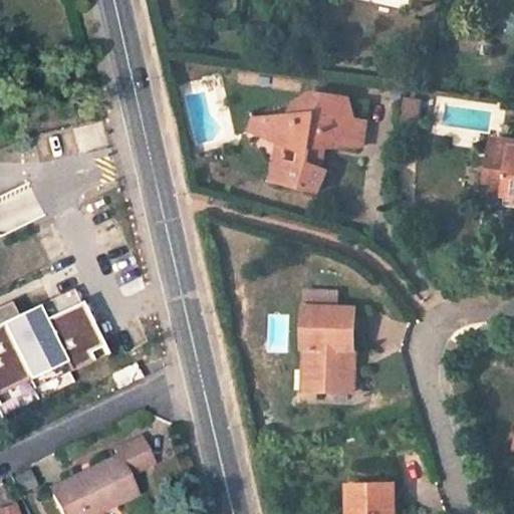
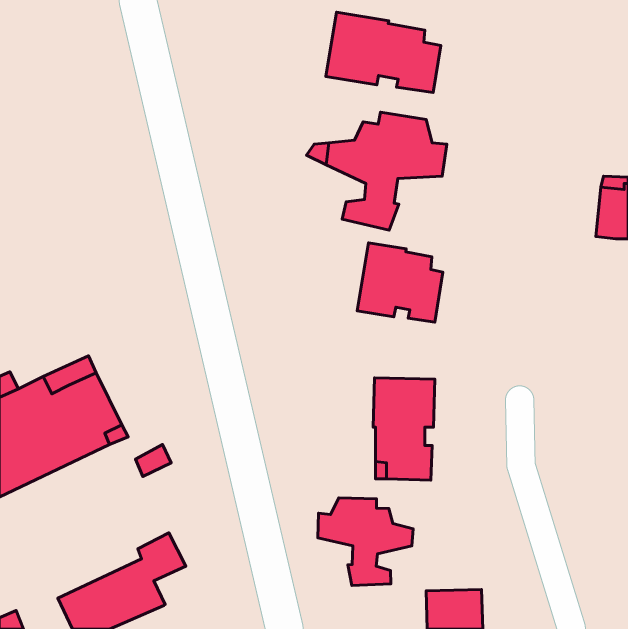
building: none -> [326,12,441,93]
building: none -> [357,243,443,322]
building: none -> [318,498,413,585]

